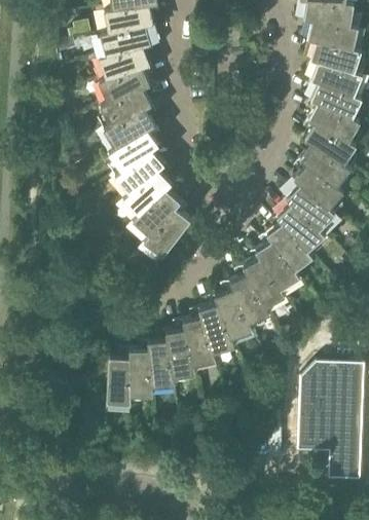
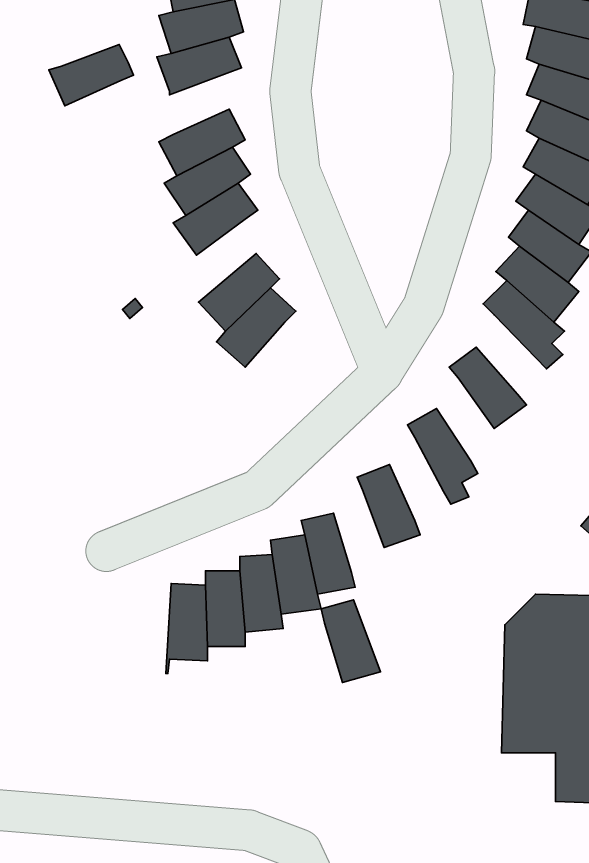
building: [101,68,149,103] -> [49,44,134,106]
building: [116,151,164,193] -> none
building: [278,206,323,251] -> none
building: [145,210,190,262] -> none
building: [256,242,298,289] -> none
building: [230,275,268,323] -> none
building: [199,305,233,352] -> [321,600,381,683]

